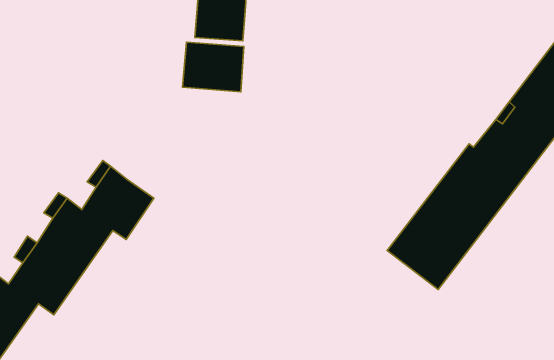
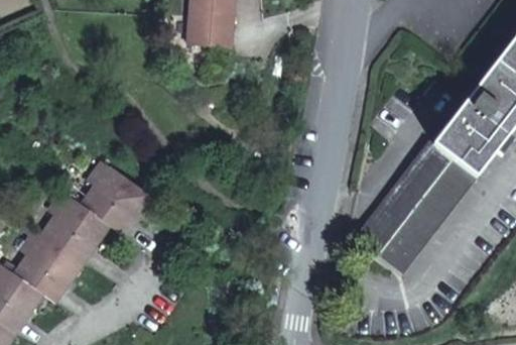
building: [182,42,244,92] -> none

